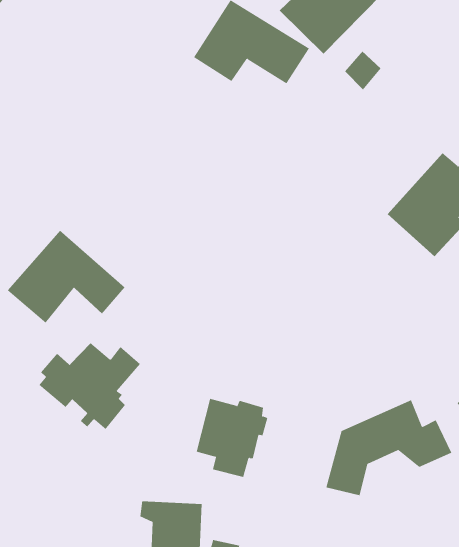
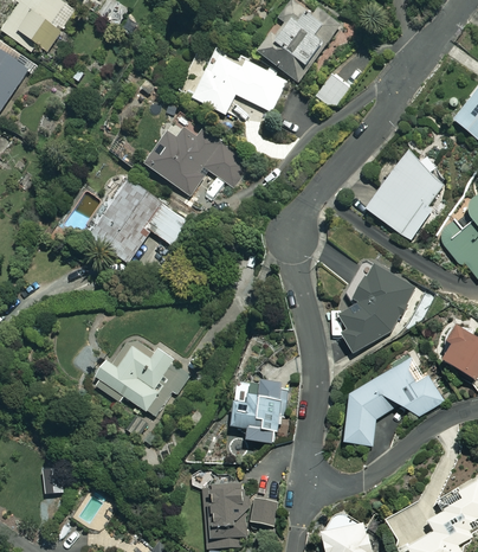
building: none -> [144,121,250,195]
building: [7,230,126,323] -> [91,180,189,259]
building: none -> [329,259,415,355]

